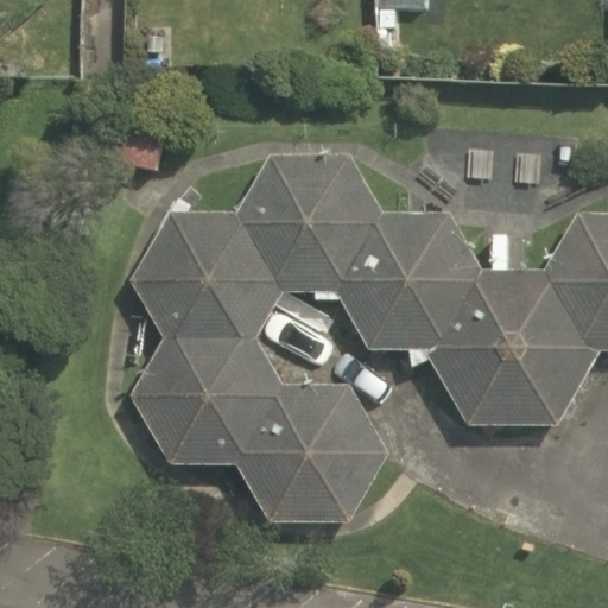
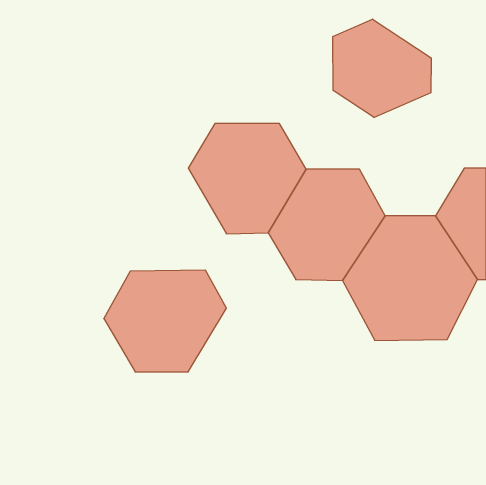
building: none -> [333,19,431,118]
building: [129,211,283,340] -> none
building: [235,386,388,524] -> none

